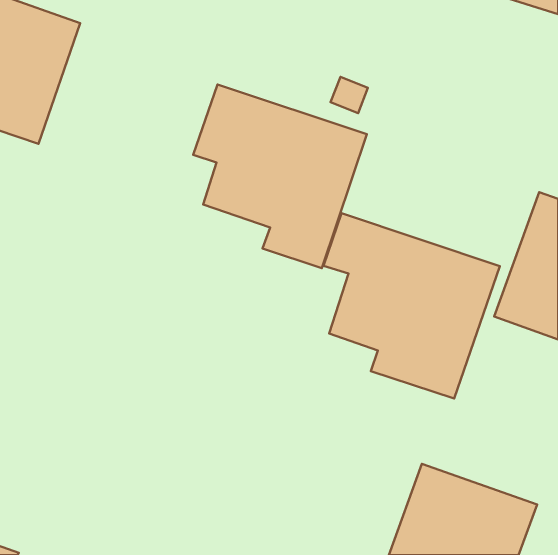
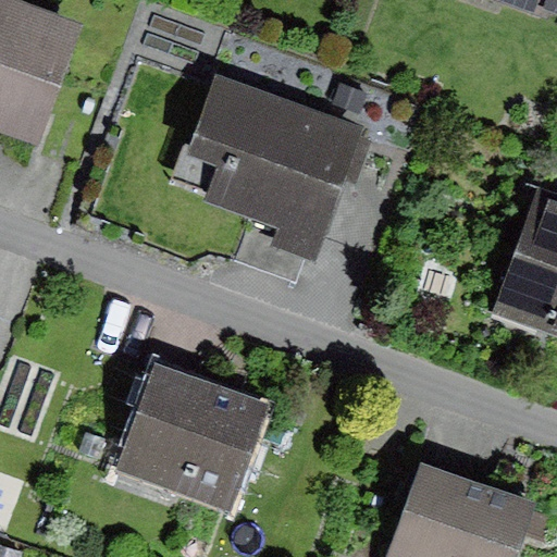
building: [324,213,500,399] -> none
building: none -> [125,363,284,510]

